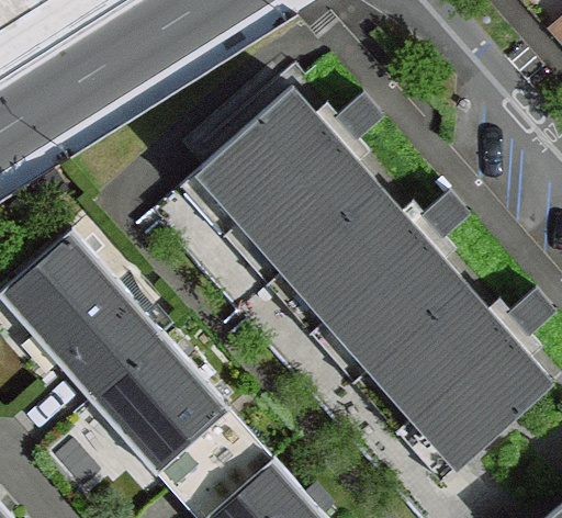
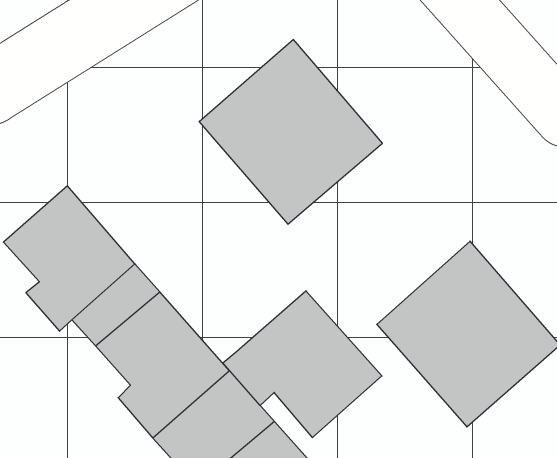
building: [285,190,463,367] -> none
building: none -> [223,291,382,438]

